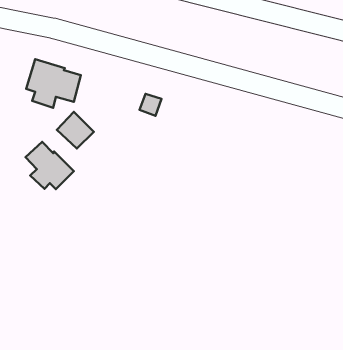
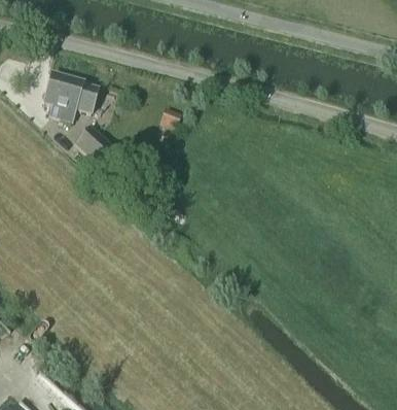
building: [26,142,74,189] -> none

